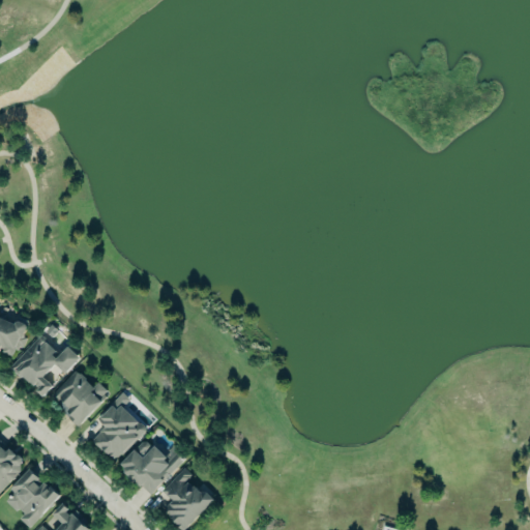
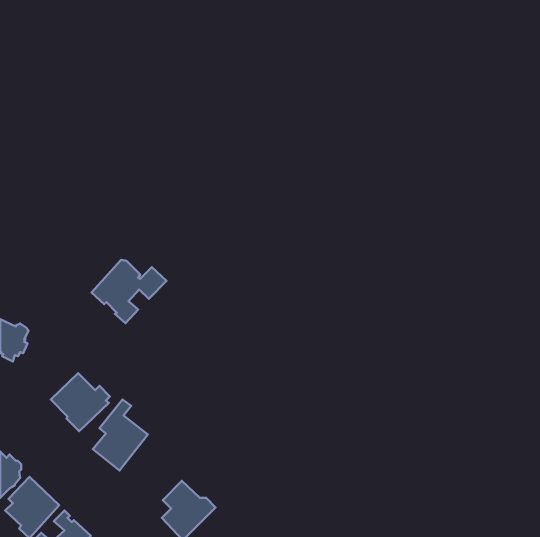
building: [9,336,83,399] -> [92,260,167,323]
building: [120,442,182,493] -> none

